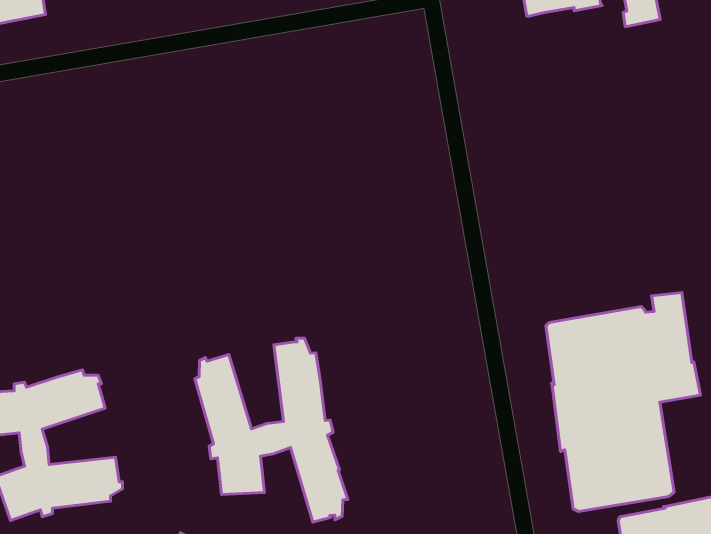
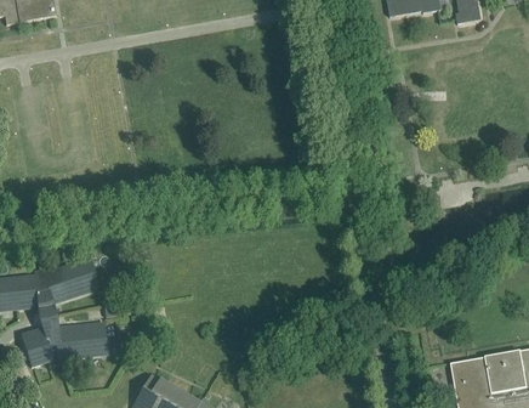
building: [546,292,700,512] -> none
building: [195,338,348,522] -> none

